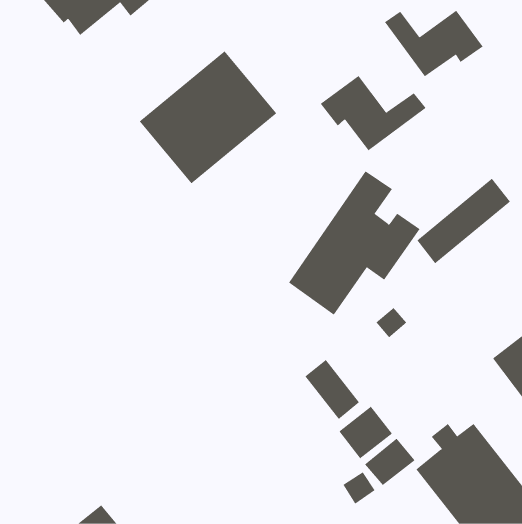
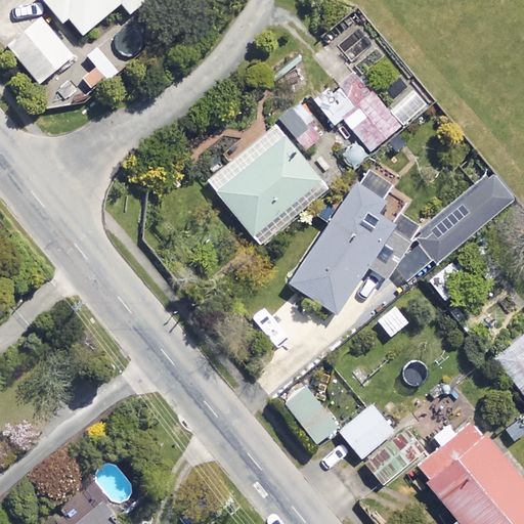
building: [384,10,483,77] -> none
building: none -> [7,17,72,83]
building: [139,51,277,184] -> [208,112,346,245]
building: [305,359,360,420] -> [282,384,338,444]

